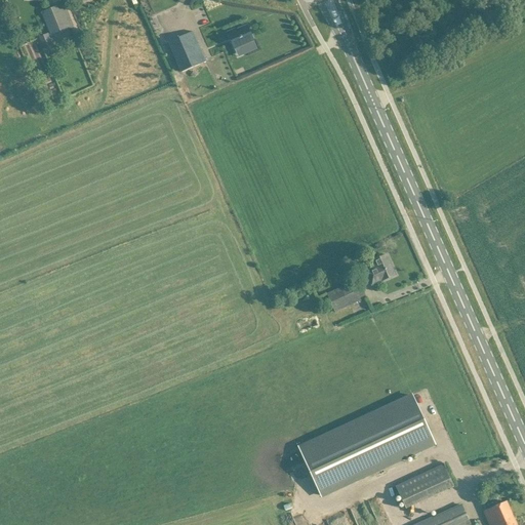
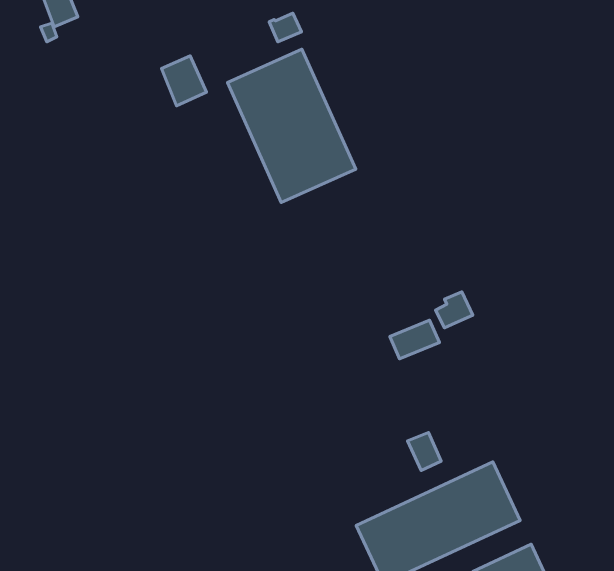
building: [168,31,205,72] -> [162,56,206,106]
building: none -> [227,49,356,202]
building: none -> [408,432,441,470]

